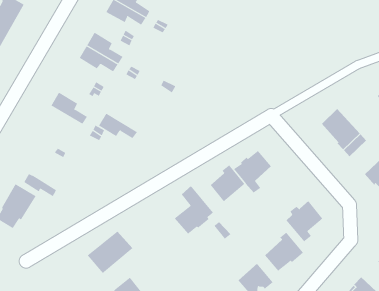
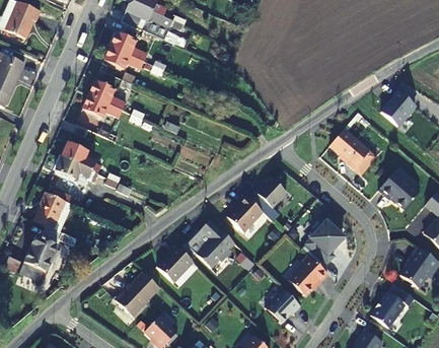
building: [98,113,138,139] -> [56,157,95,180]
building: none -> [35,193,67,228]
building: none -> [155,247,192,283]

